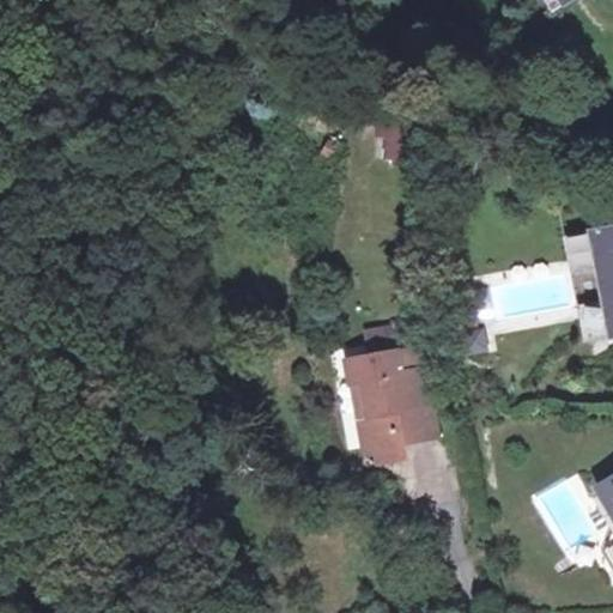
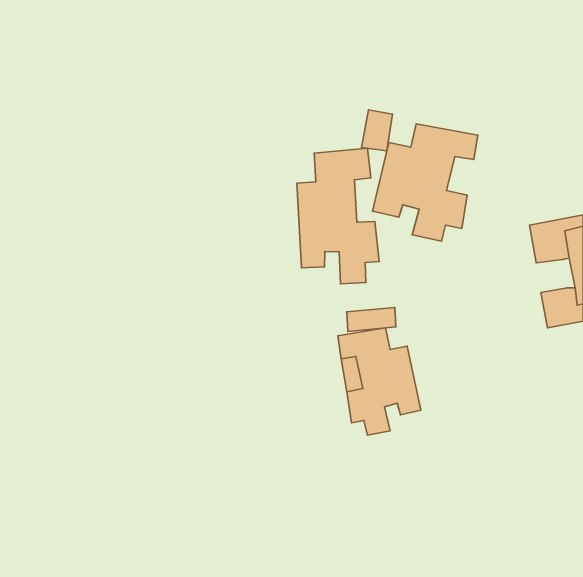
building: none -> [372,124,478,241]
building: none -> [297,148,379,284]

